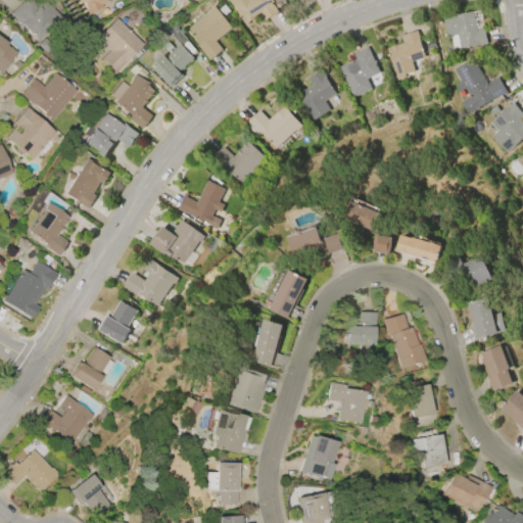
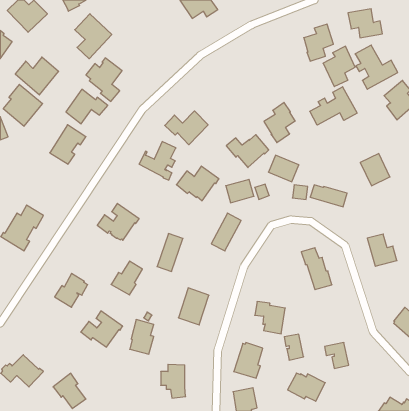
building: [189,5,233,60] -> none
building: [152,23,196,87] -> none
building: [340,46,381,97] -> [323,46,355,87]
building: [297,69,337,121] -> [264,102,295,143]
building: [248,106,302,148] -> [226,135,269,168]
building: none -> [310,87,357,125]
building: [30,202,69,255] -> none
building: [150,220,204,264] -> [176,166,219,201]
building: [458,250,495,291] -> [360,154,390,186]
building: [99,300,139,343] -> [111,261,142,295]
building: [349,312,377,345] -> none
building: [251,319,284,367] -> [157,234,183,271]
building: [481,345,514,391] -> none
building: [408,384,432,417] -> [284,334,304,360]
building: [40,396,93,442] -> [81,311,123,347]
building: [215,410,245,454] -> [130,320,154,354]
building: [443,474,491,510] -> [288,373,325,401]

